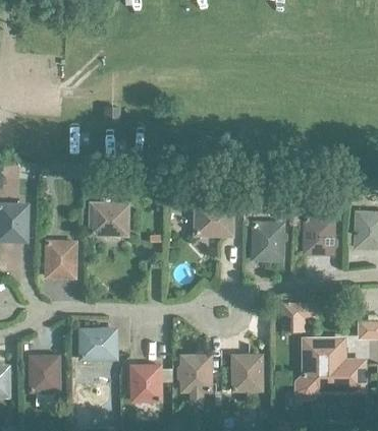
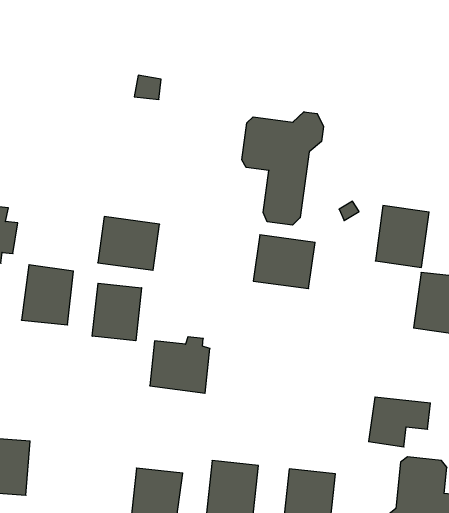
building: none -> [242,112,324,225]
building: [251,222,282,259] -> [375,206,429,267]
building: none -> [92,283,142,341]
building: [79,322,116,358] -> [150,337,210,393]

